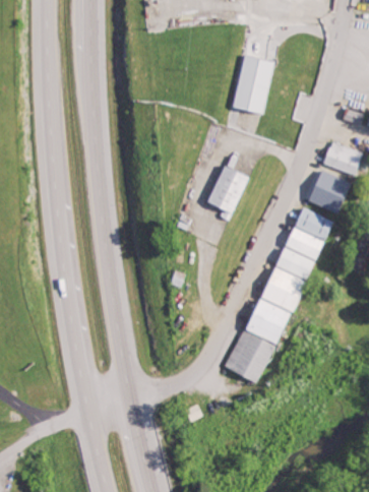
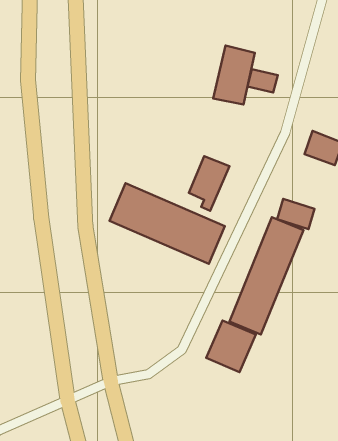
building: none -> [247,69,278,93]
building: [308,170,351,212] -> none
building: none -> [110,183,225,264]

